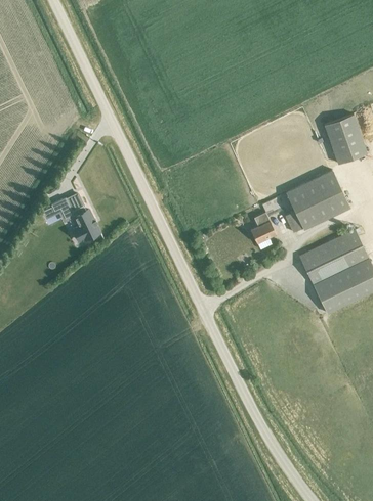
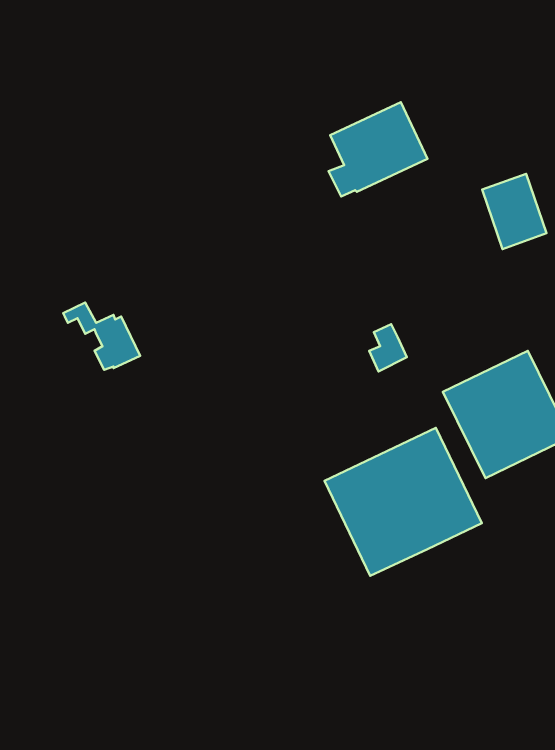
building: [285,171,349,232] -> [329,102,427,196]
building: none -> [324,428,482,576]

